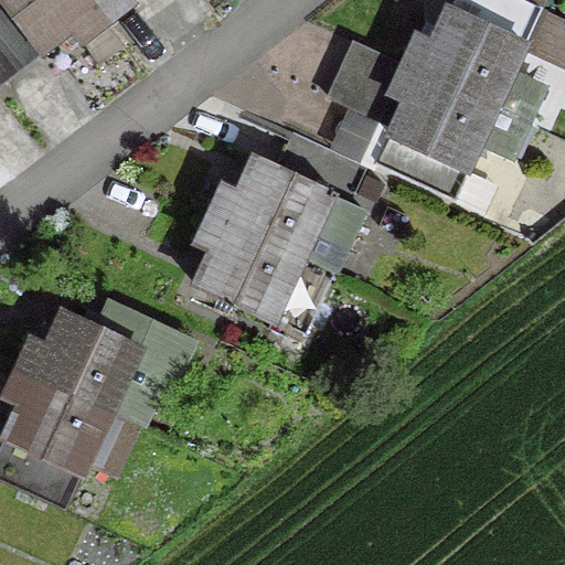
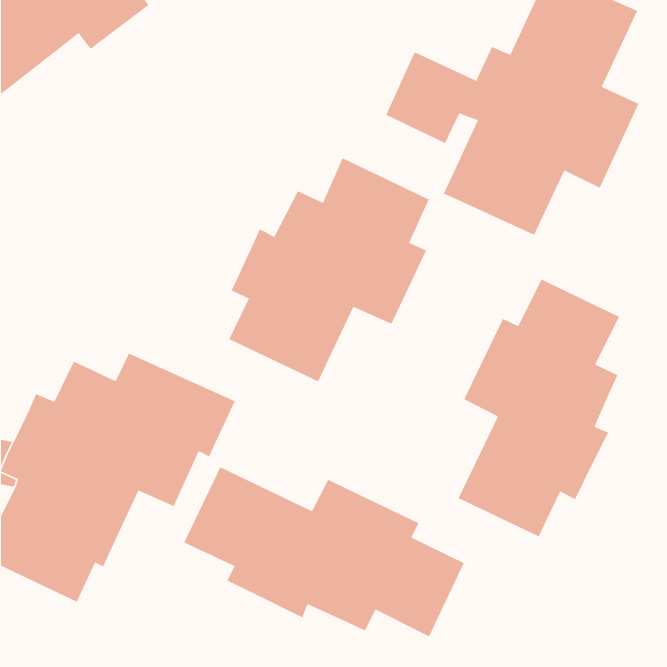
building: none -> [457,279,620,537]
building: none -> [183,466,465,637]

